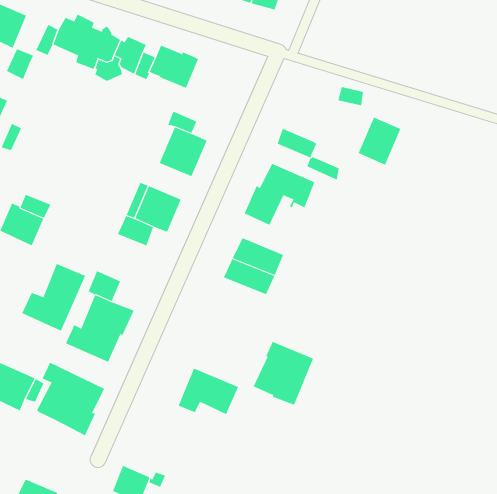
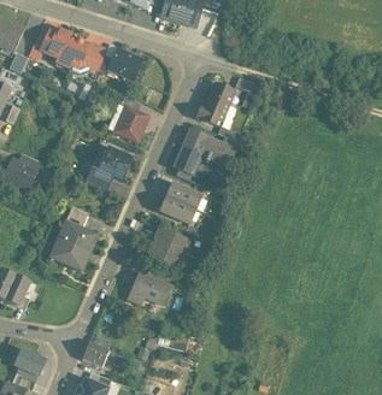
building: [358,117,401,165] -> [204,83,234,117]
building: [22,263,86,331] -> none
building: [253,341,314,406] -> [146,228,188,272]
building: [36,362,105,436] -> none

